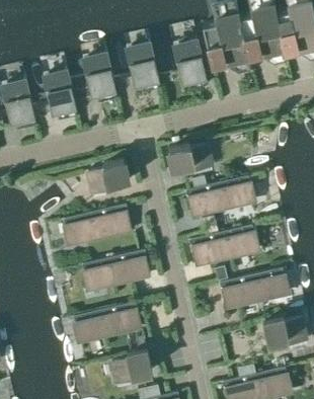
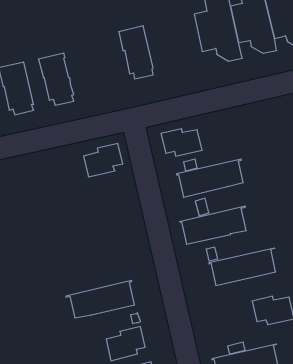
building: [172,38,208,92] -> none
building: [70,57,117,105] -> none
building: [60,207,131,245] -> none
building: [79,252,150,291] -> none

